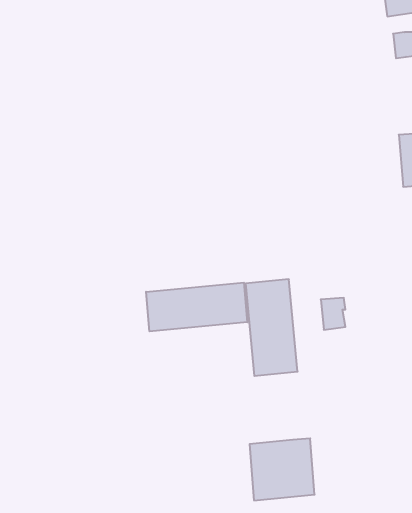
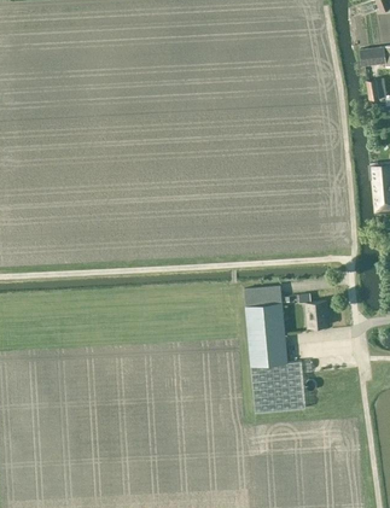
building: [146,283,247,331] -> none
building: [250,438,315,500] -> [251,361,305,413]

